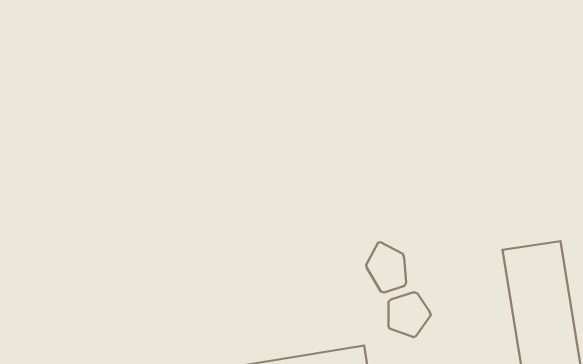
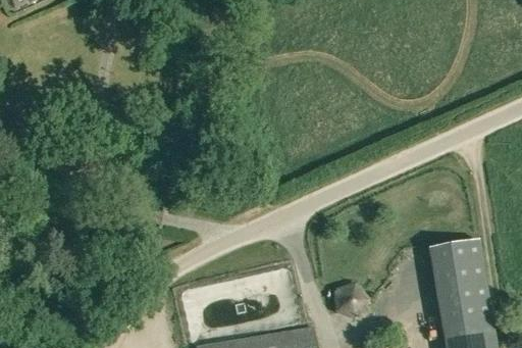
building: [366,242,406,292] -> none

